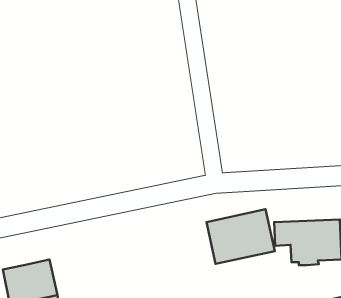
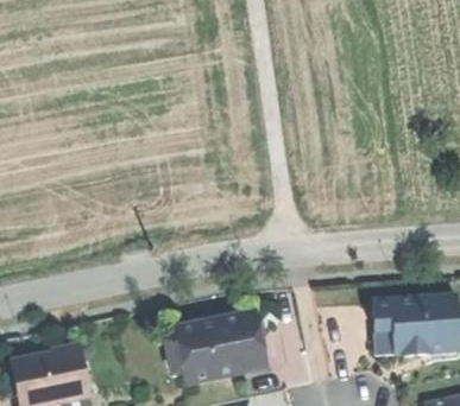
building: [207,209,275,264] -> [175,312,264,383]

